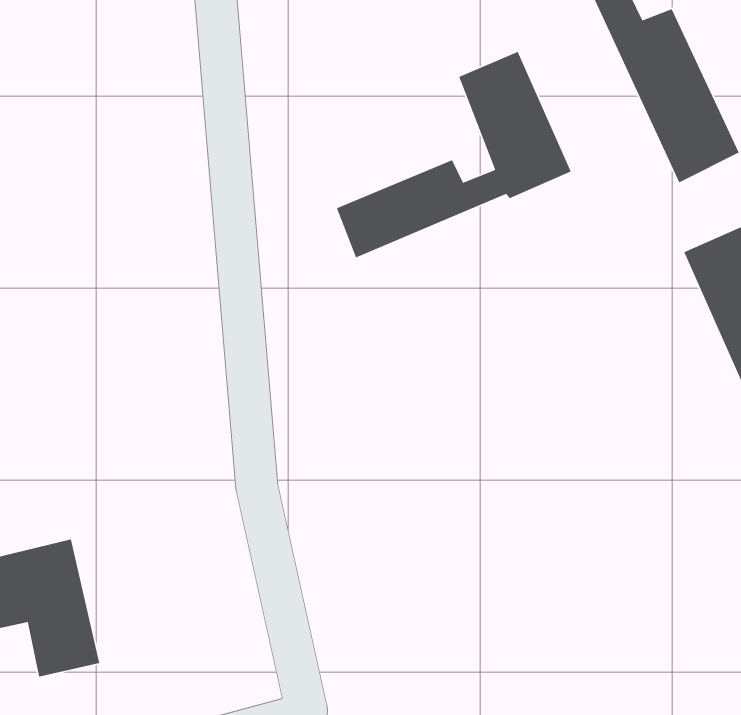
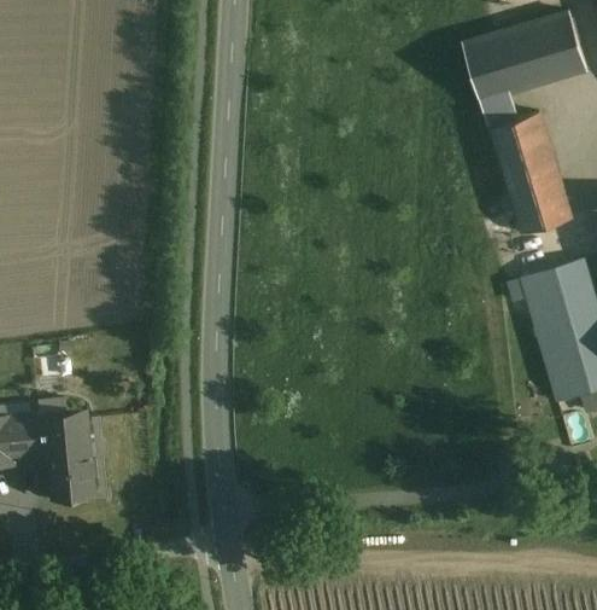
building: [336,51,572,259] -> none

